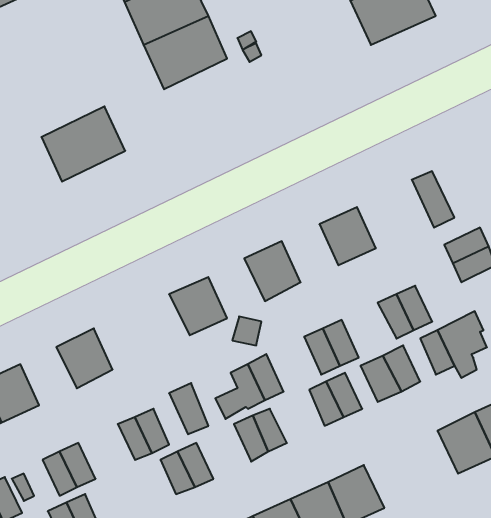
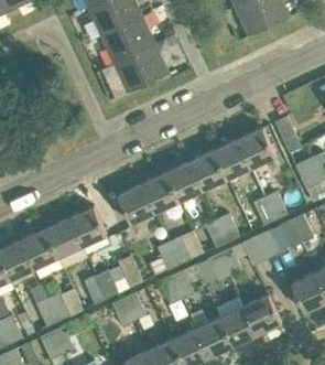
building: [41,106,125,182] -> [113,44,167,93]
building: none -> [238,129,274,167]
building: none -> [189,151,226,189]
building: none -> [142,173,178,212]
building: none -> [68,207,106,245]
building: none -> [21,230,57,268]
building: none -> [242,294,280,334]

